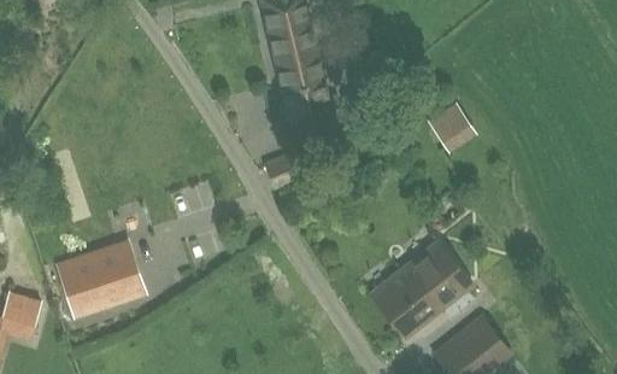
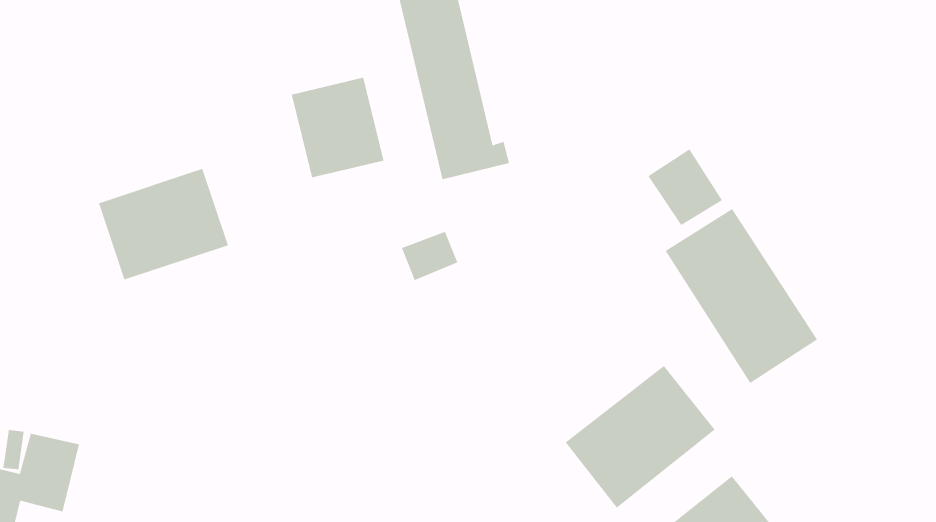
building: none -> [291,77,384,178]
building: none -> [665,208,818,384]
building: [57,241,142,315] -> [98,168,229,280]

